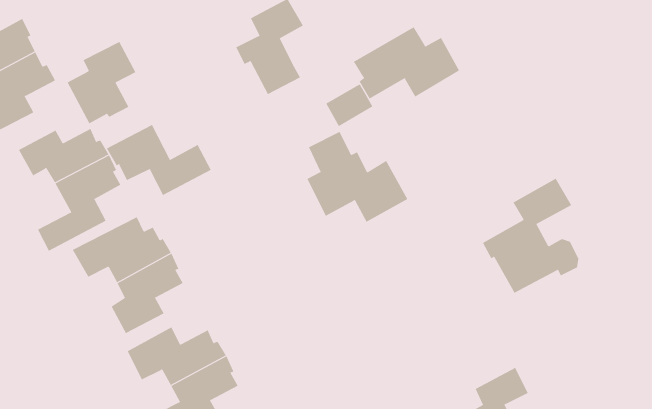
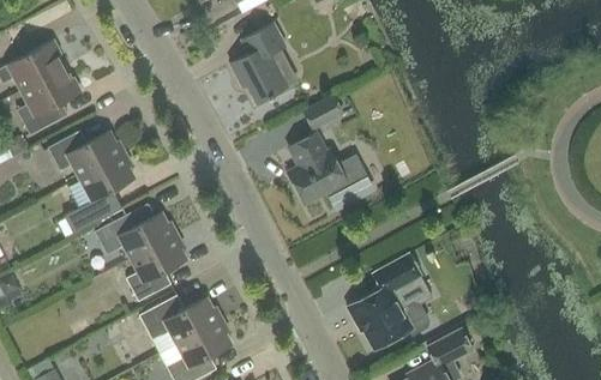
building: [353,26,460,100] -> none
building: [67,41,136,124] -> none
building: [106,124,211,196] -> none
building: [482,178,579,294] -> [348,253,428,349]

